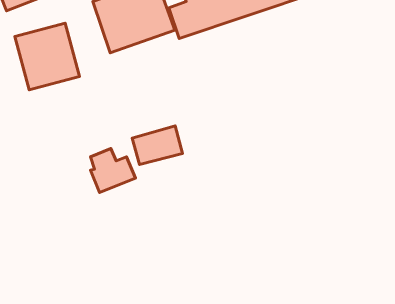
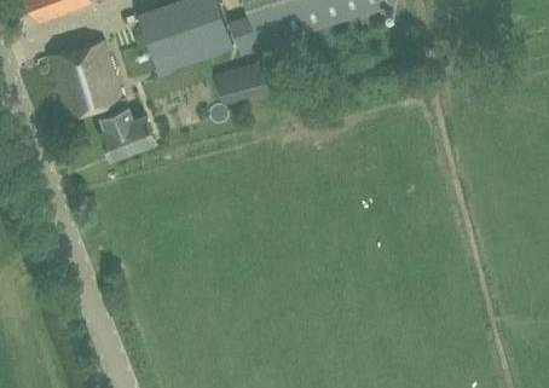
building: [132,126,183,165] -> [213,62,272,108]
building: [90,149,136,193] -> [102,108,155,160]

